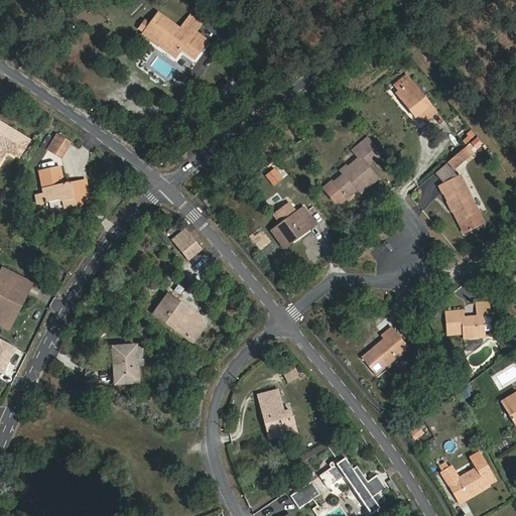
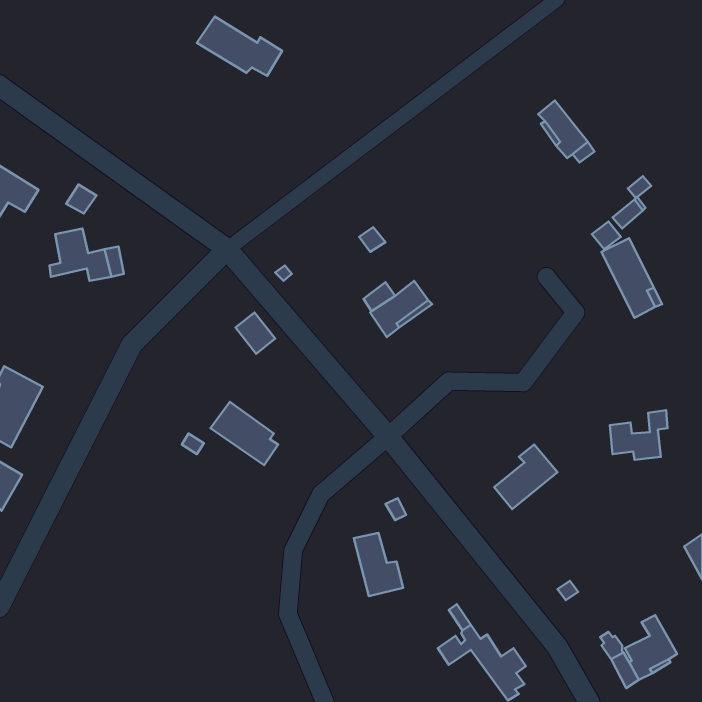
building: [332,135,381,199] -> none
building: [113,346,138,383] -> none
building: [290,481,320,508] -> none

